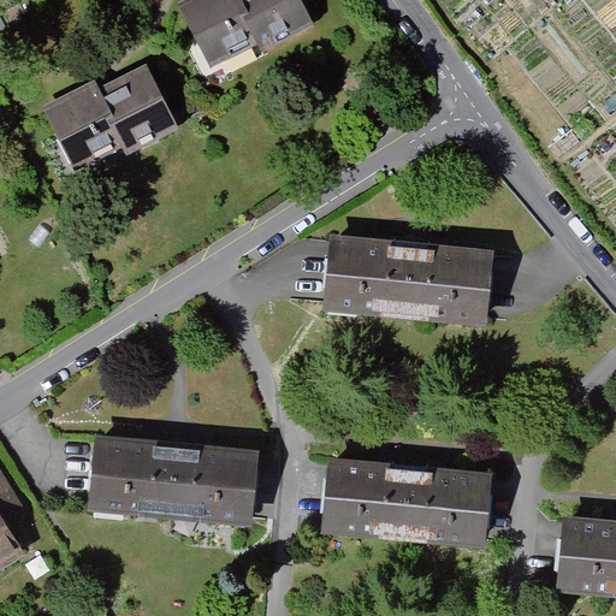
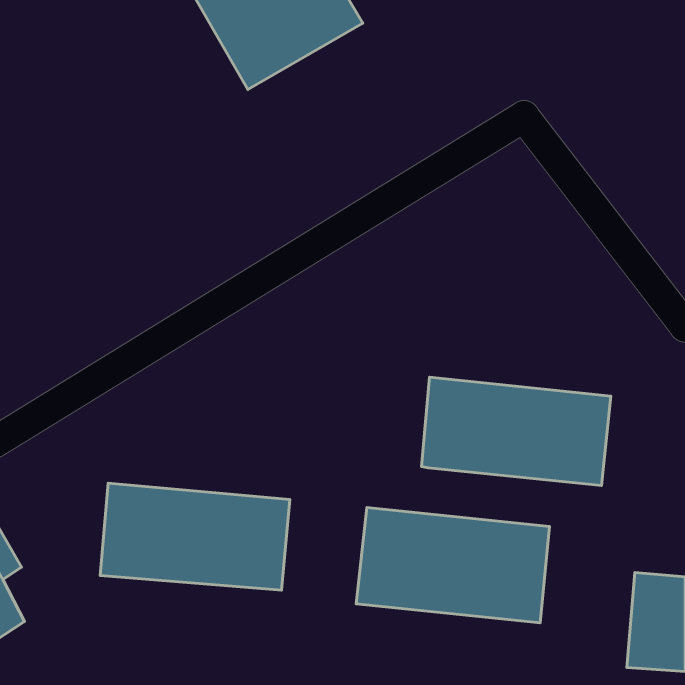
building: [51,63,192,165] -> none
building: [324,232,492,328] -> [421,377,611,485]

